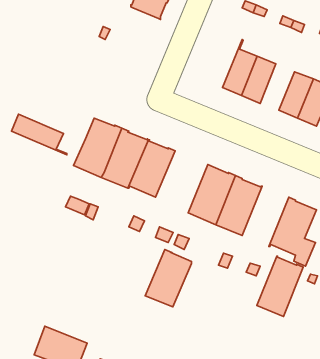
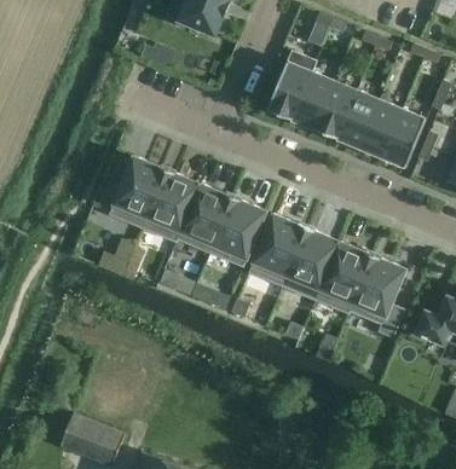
building: none -> [267,51,316,120]
building: none -> [337,91,380,147]
building: [11,114,67,155] -> none
building: [145,250,192,307] -> [209,197,266,267]
building: [257,256,303,316] -> [316,241,373,314]

